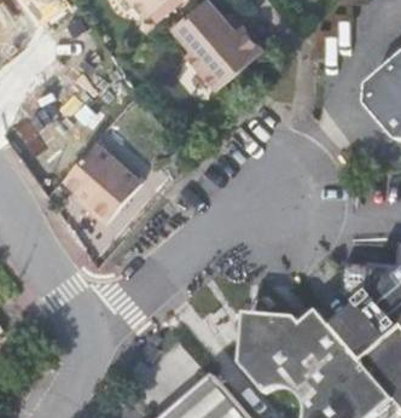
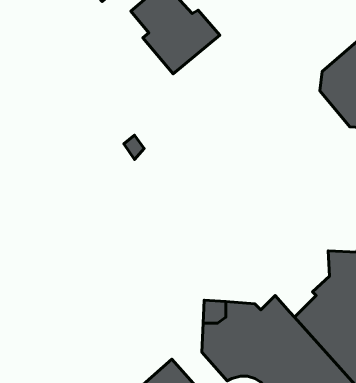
building: [63,143,140,222] -> none

